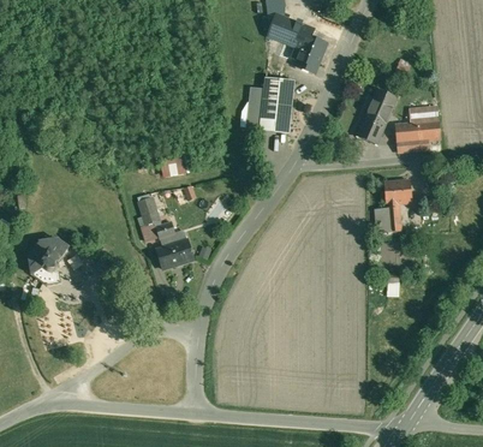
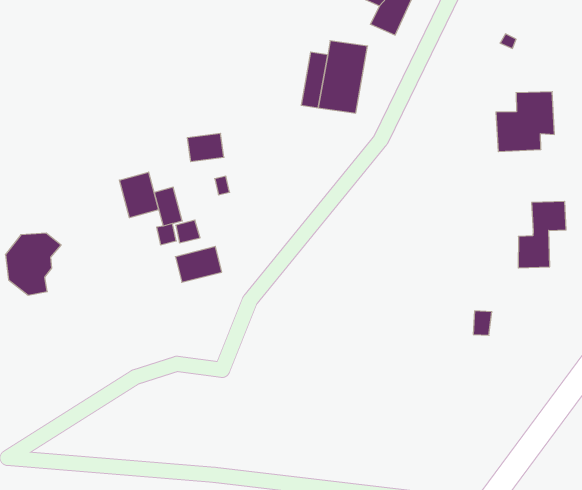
building: [357,88,398,143] -> none
building: [376,179,412,232] -> [518,201,566,268]
building: none -> [119,172,159,218]

